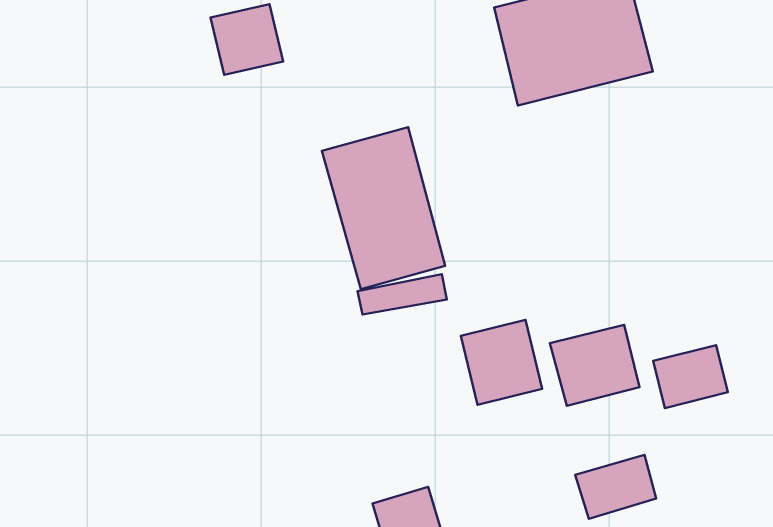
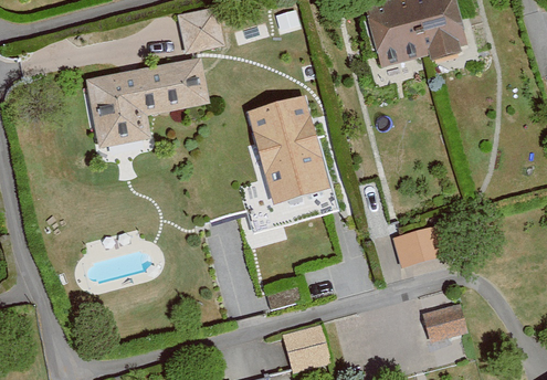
building: none -> [84,60,208,150]
building: [461,320,542,405] -> none
building: [653,345,728,408] -> none

